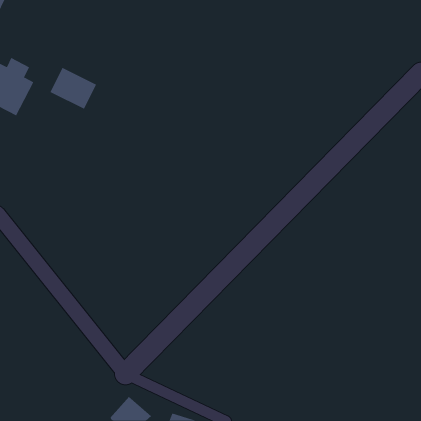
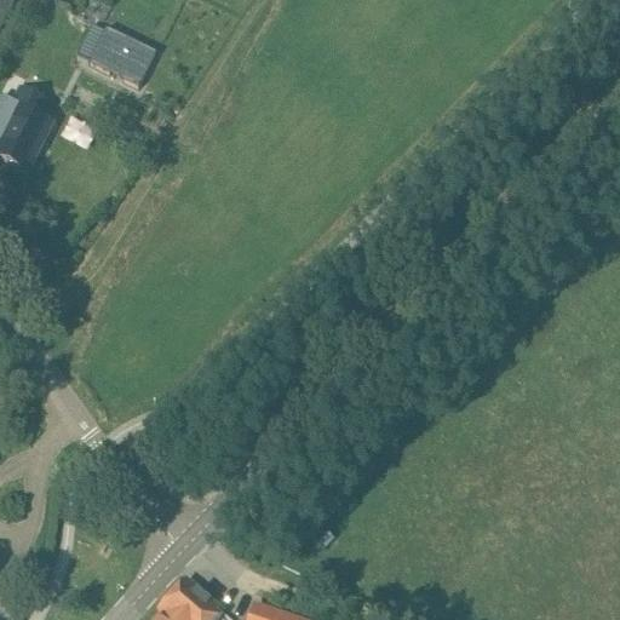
building: [50,67,97,109] -> [84,25,153,87]

